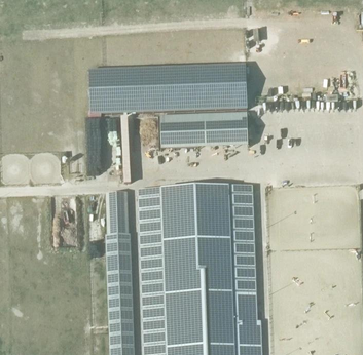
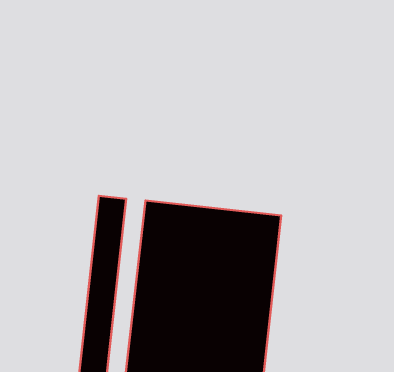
building: [88,58,246,112] -> none
building: [160,110,249,147] -> none

